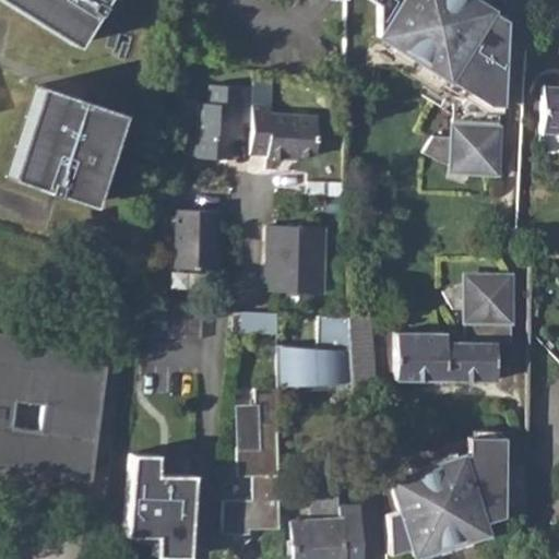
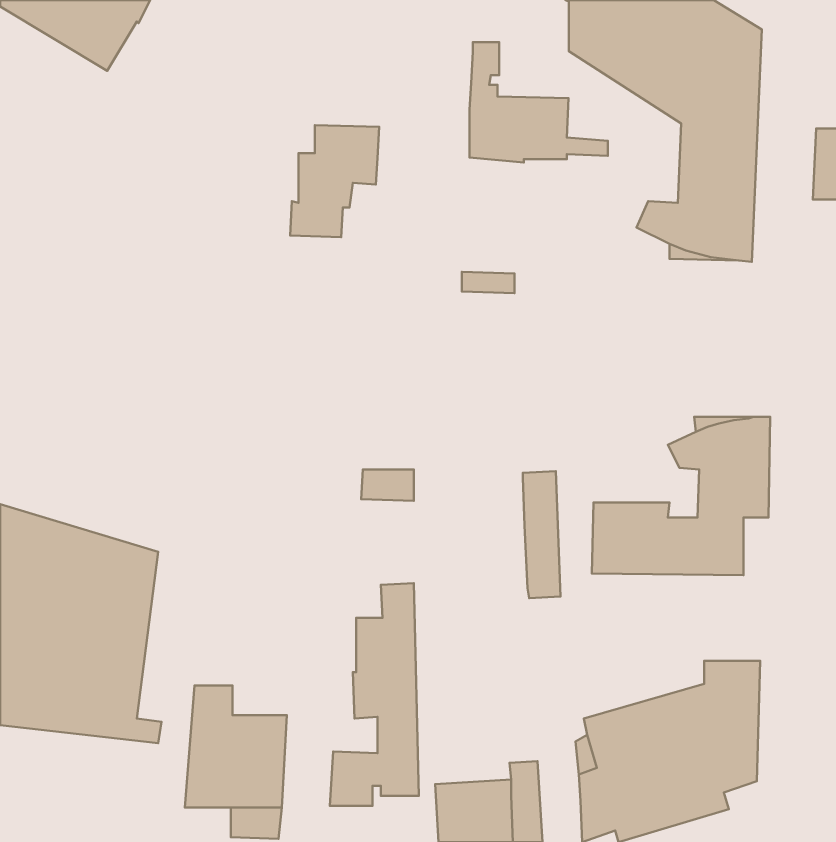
building: [253,78,345,157] -> [469,42,608,162]
building: [11,87,123,206] -> none
building: [177,207,222,267] -> none
building: [269,224,328,293] -> none
building: [278,314,354,392] -> none

